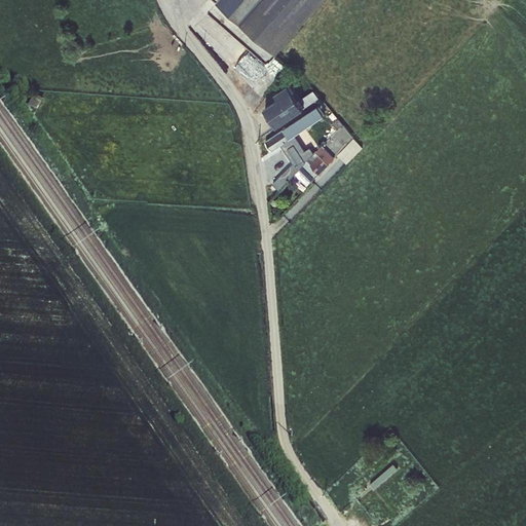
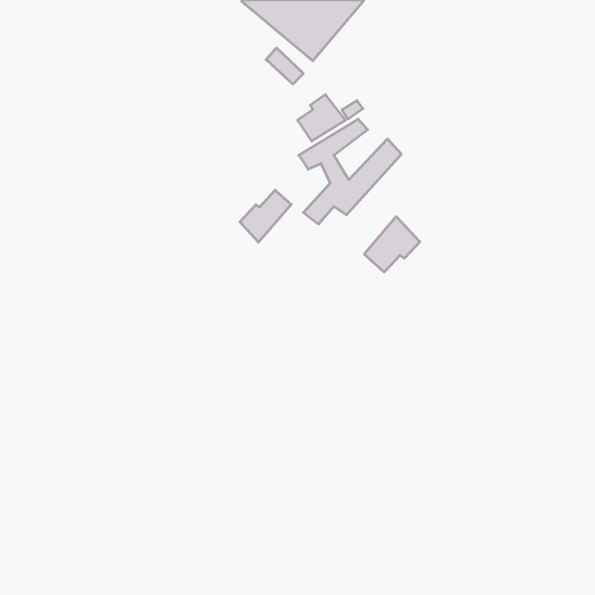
building: none -> [240,190,291,242]
building: none -> [364,217,420,272]

